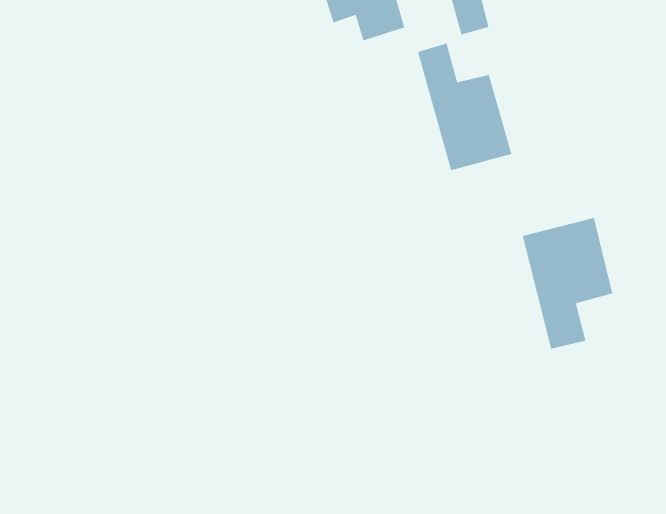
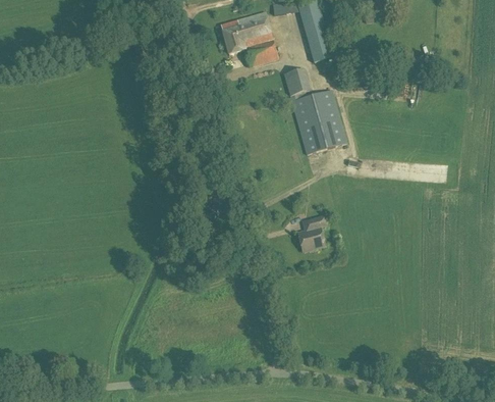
building: [522,217,613,350] -> none
building: none -> [295,214,328,251]

